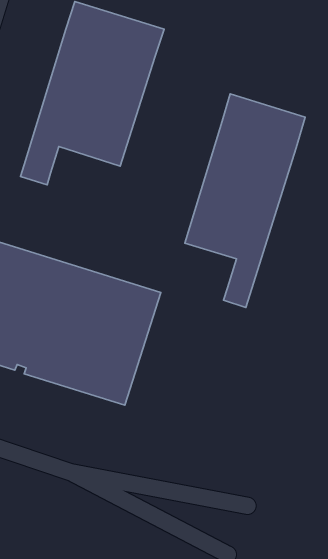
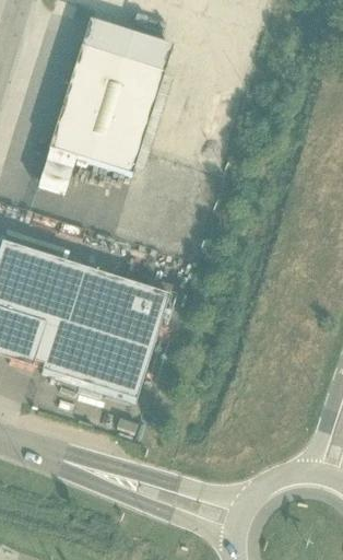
building: [185,94,305,307] -> none

